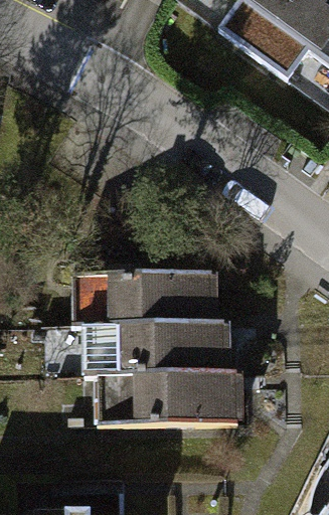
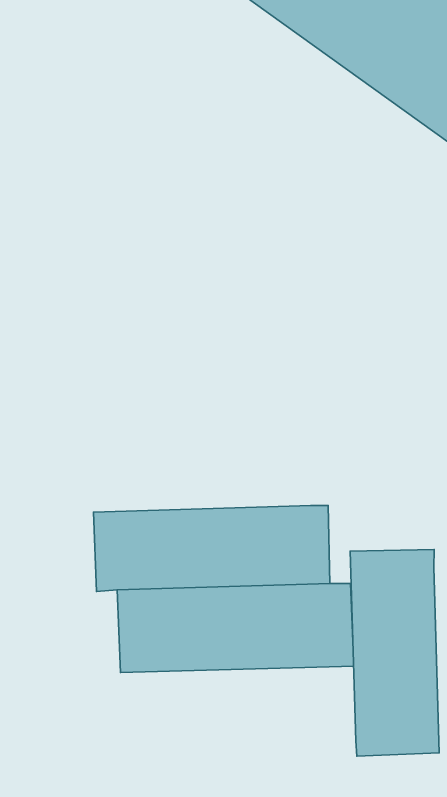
building: [67,271,217,327] -> none
building: none -> [350,549,439,756]

